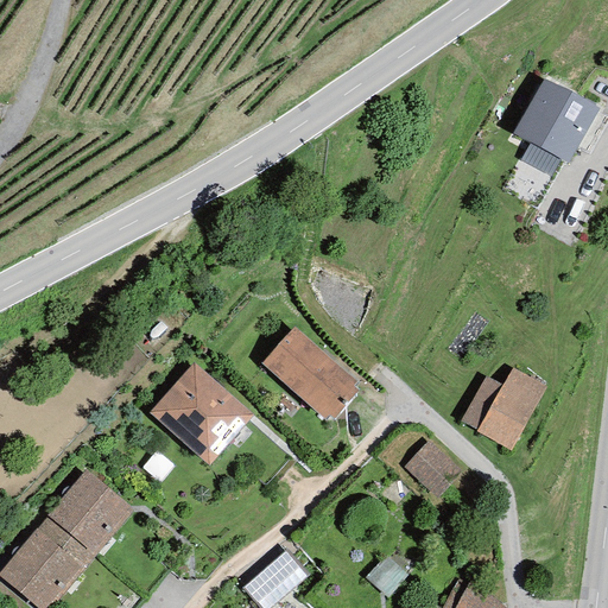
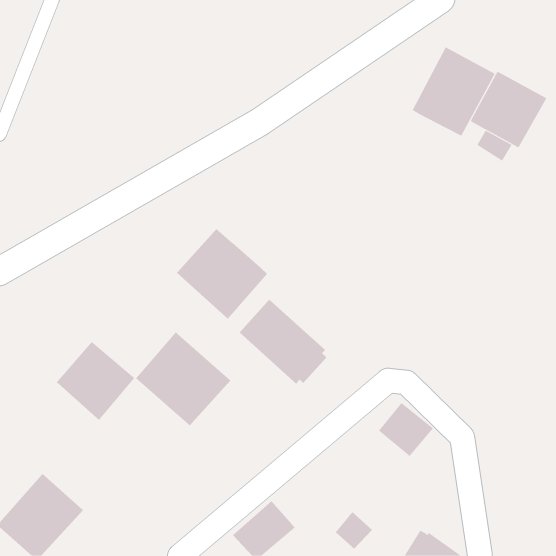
building: none -> [412,46,496,137]
building: none -> [176,228,268,320]
building: [470,366,557,454] -> none
building: [44,469,131,556] -> [56,341,135,421]

